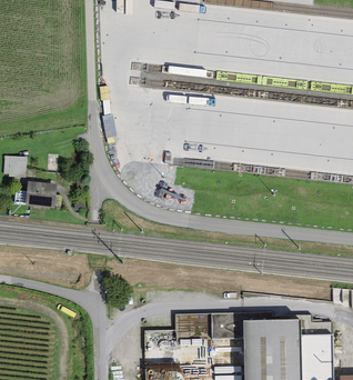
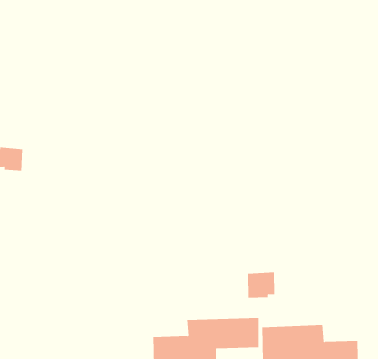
building: [24,181,56,209] -> none
building: none -> [247,271,275,298]

